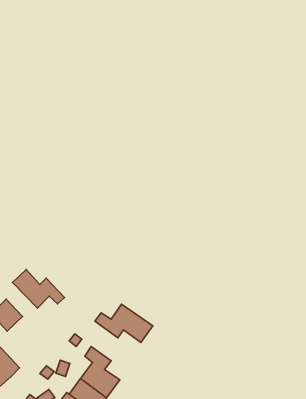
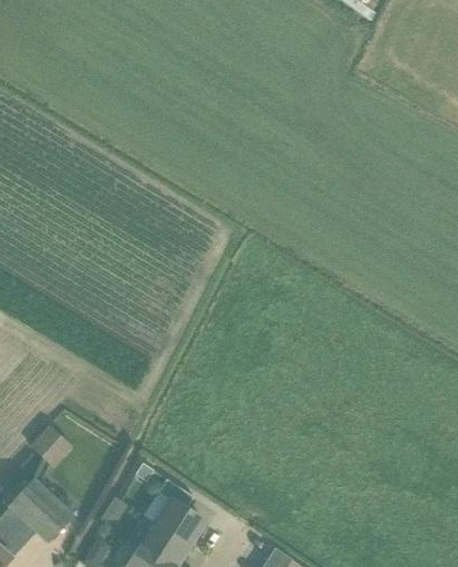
building: [13,270,65,308] -> none
building: [95,304,153,343] -> none

